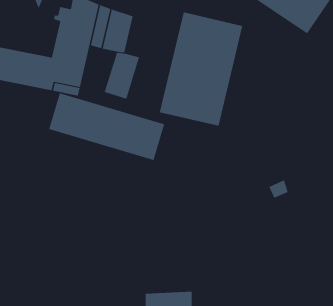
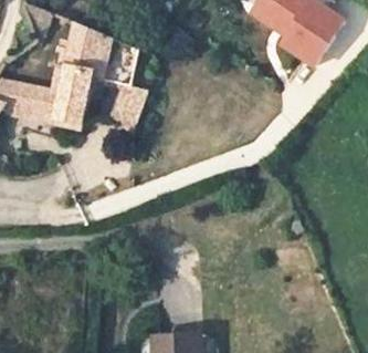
building: [159,12,243,127] -> none
building: [49,92,165,161] -> none

